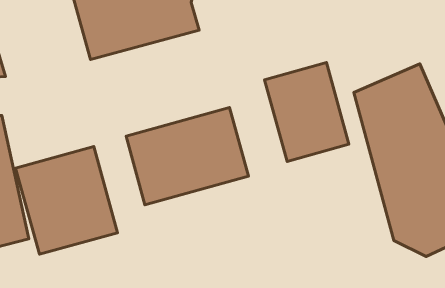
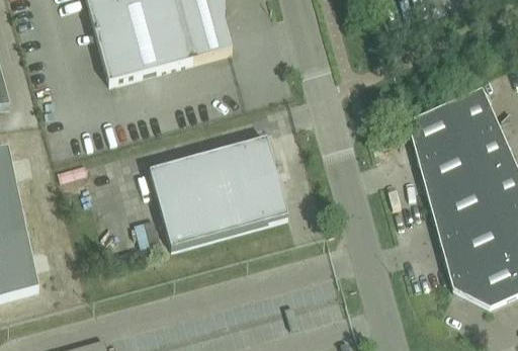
building: [264,63,349,162] -> none
building: [15,147,118,254] -> none

